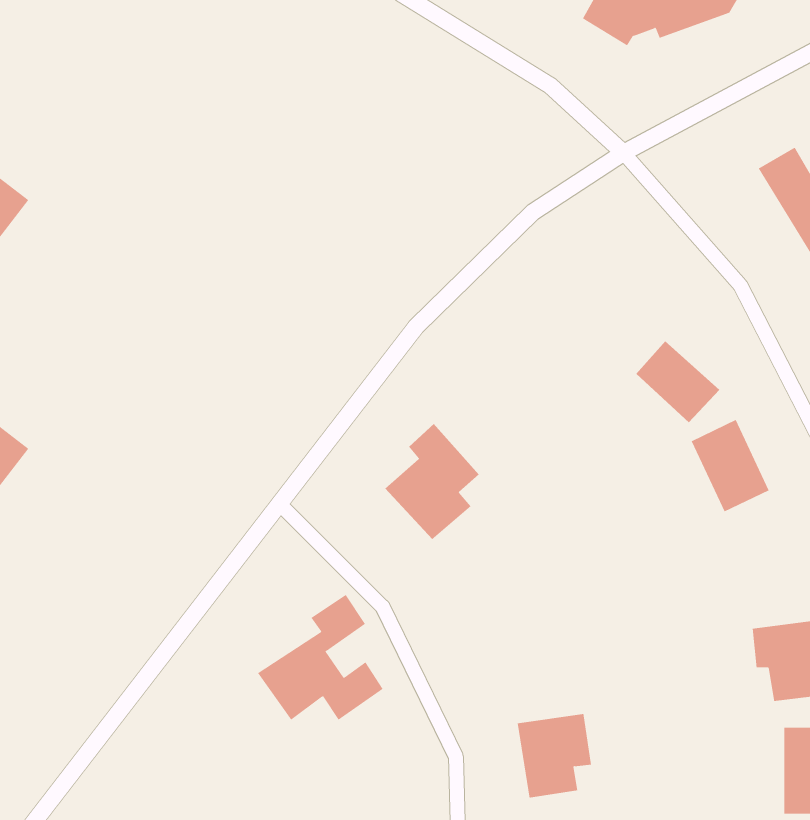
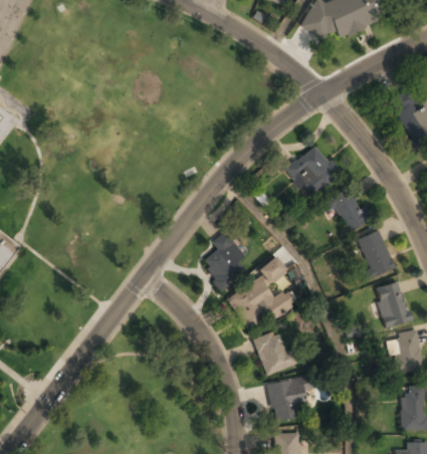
building: none -> [285,145,340,198]
building: none -> [376,280,411,326]
building: [257,594,384,721] -> [231,256,295,320]
building: none -> [254,329,295,376]

